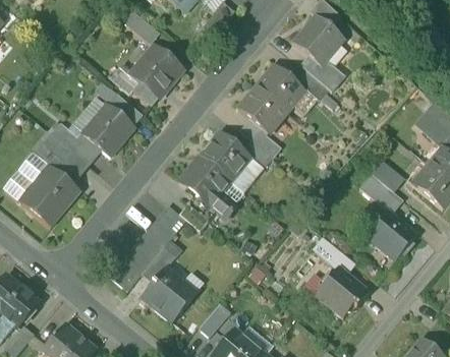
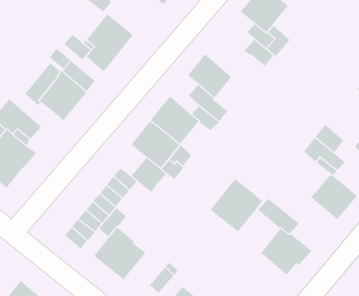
building: [258,64,305,111] -> none
building: [53,122,100,163] -> none
building: none -> [210,178,263,233]

